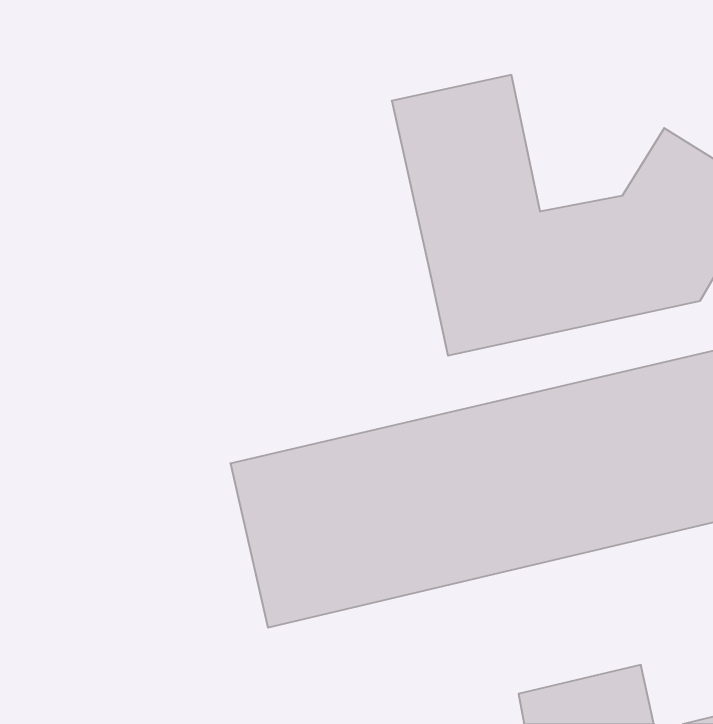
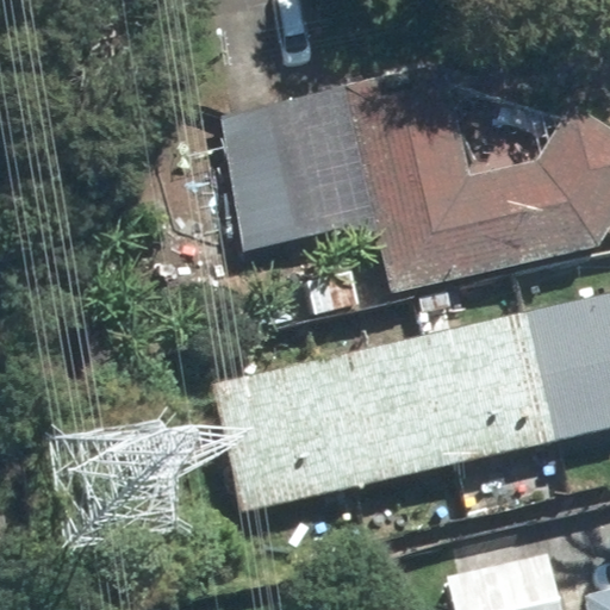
building: none -> [187,83,375,262]

